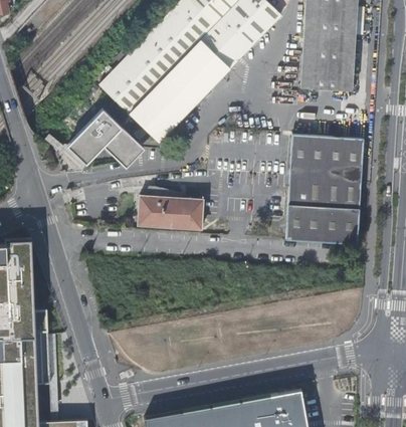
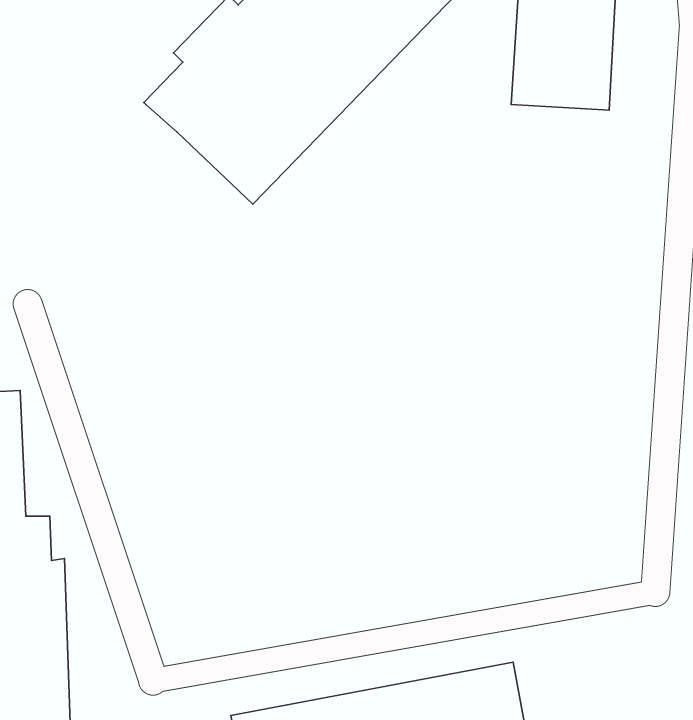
building: [67,106,147,168] -> none
building: [284,134,363,245] -> none
building: [138,193,206,230] -> none

